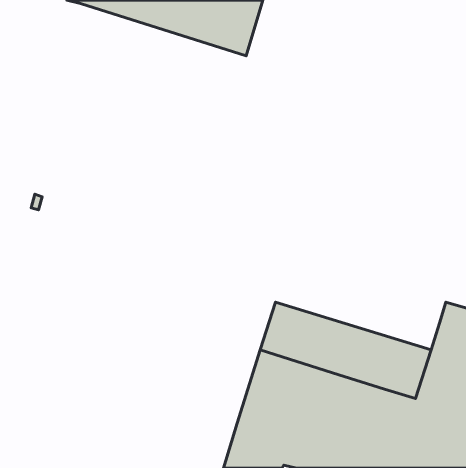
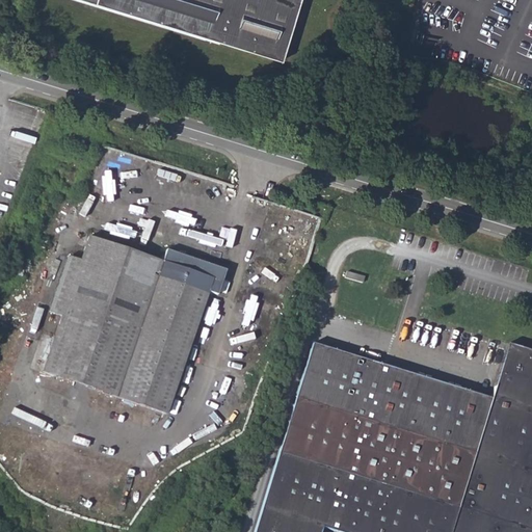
building: none -> [44,236,228,414]

